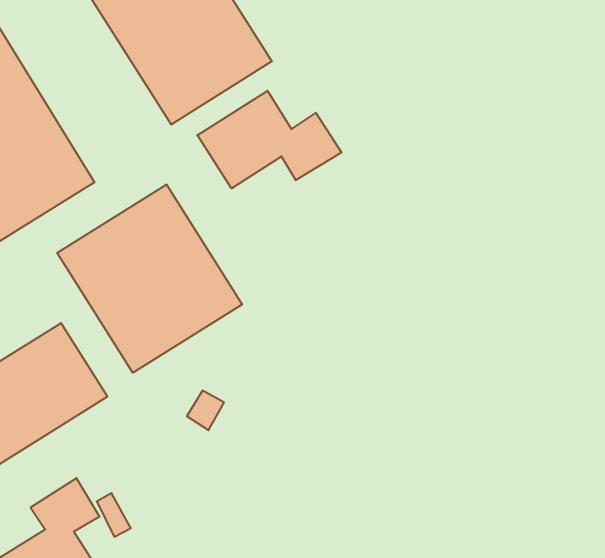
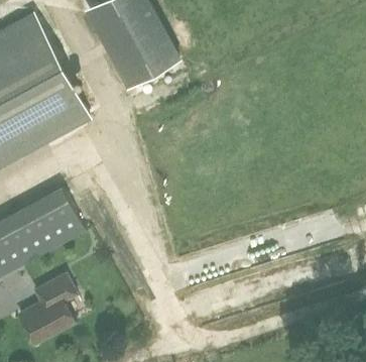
building: [197,91,342,188] -> none
building: [57,184,242,373] -> none

